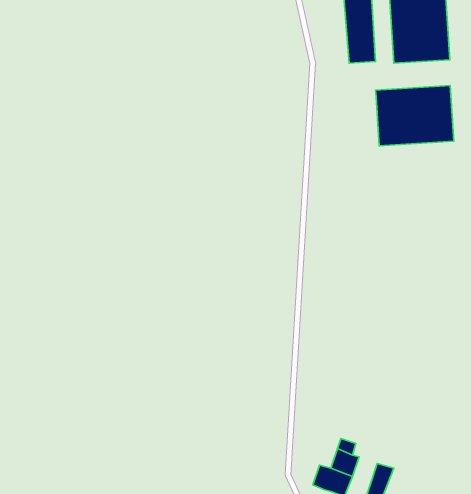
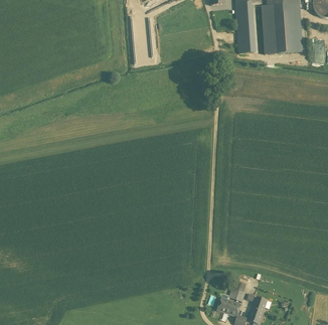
building: [375,85,454,146] -> none

